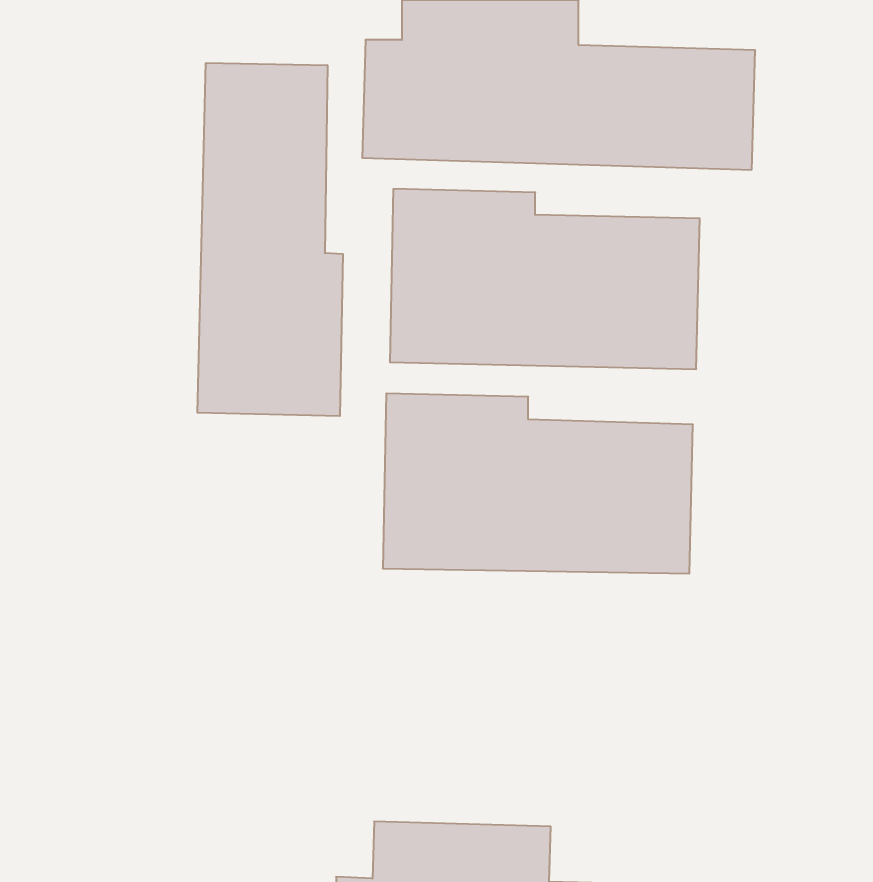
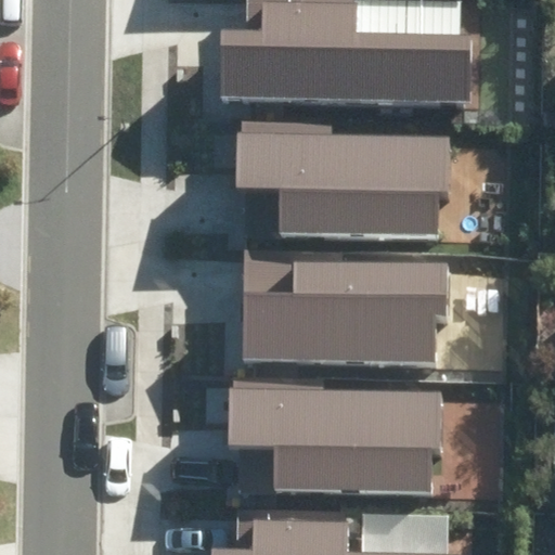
building: [197,63,343,416] -> none
building: none -> [244,376,439,490]

